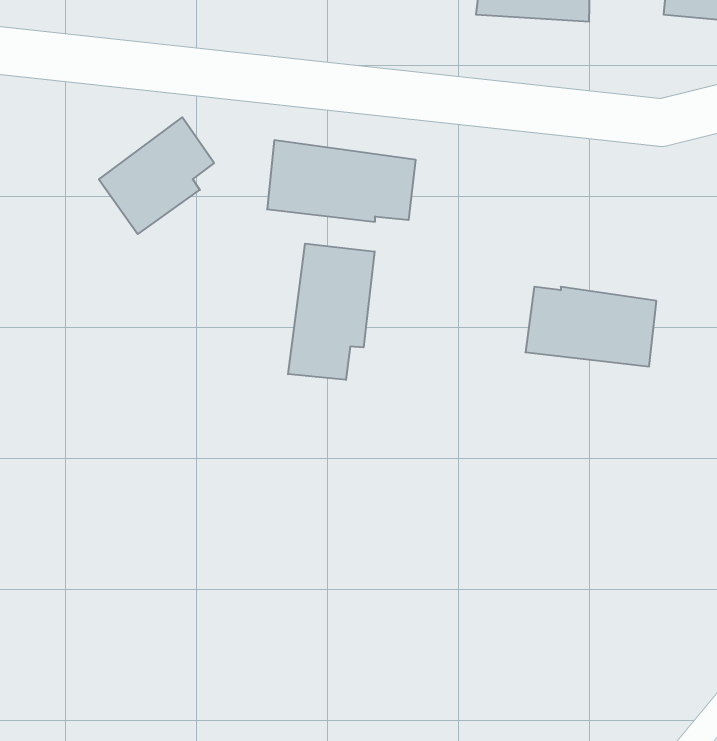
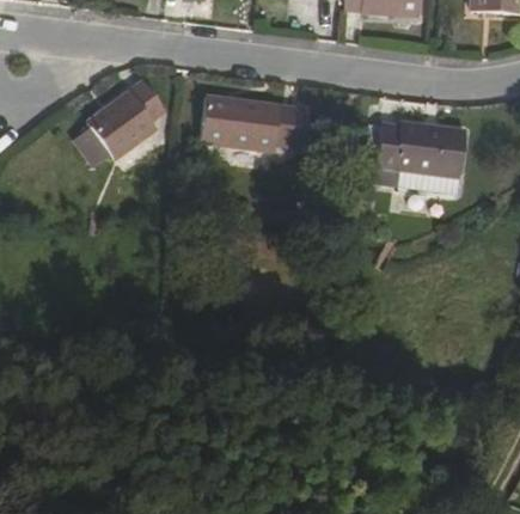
building: [288,244,375,380] -> none
building: [525,287,656,366] -> [377,123,465,177]

